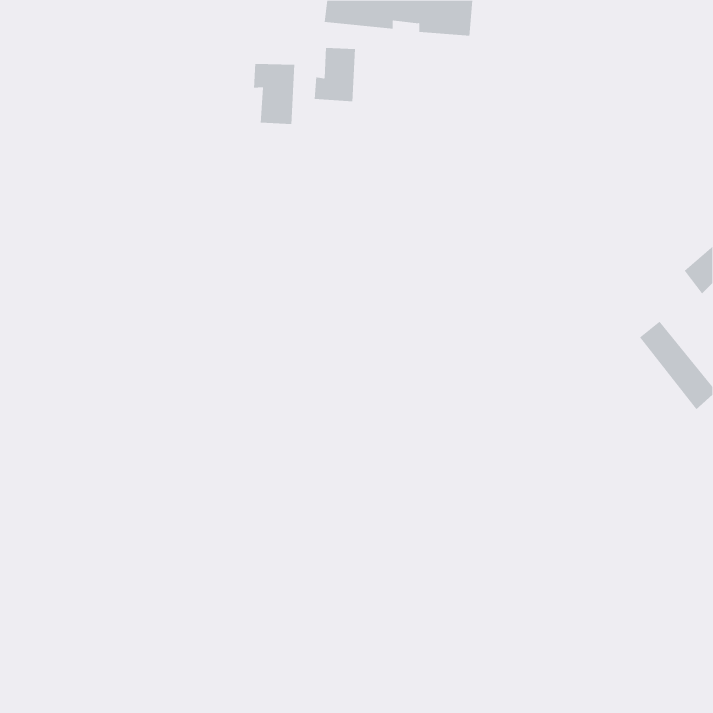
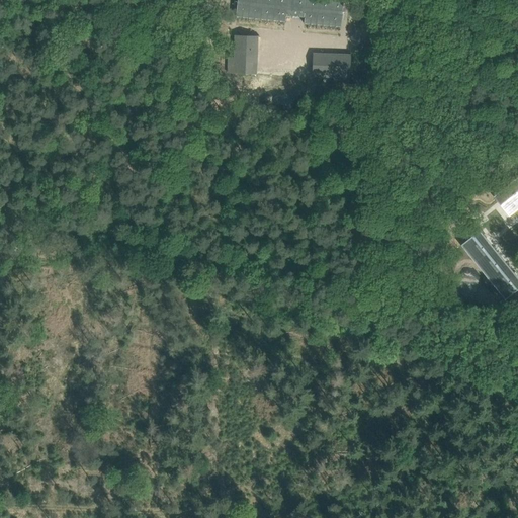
building: [254,63,295,125] -> none
building: none -> [311,52,350,81]

